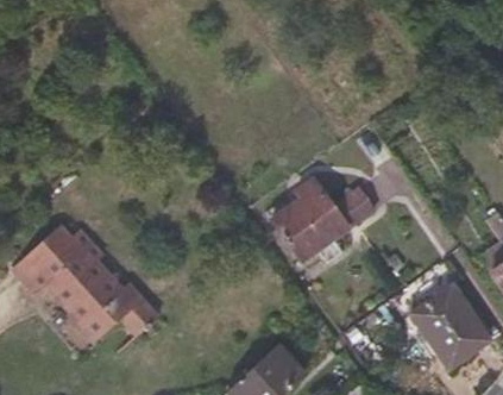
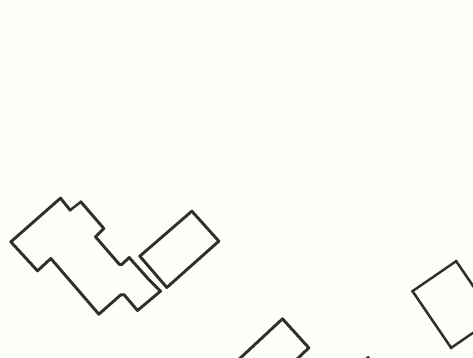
building: [269,181,372,268] -> none
building: none -> [140,211,219,287]

